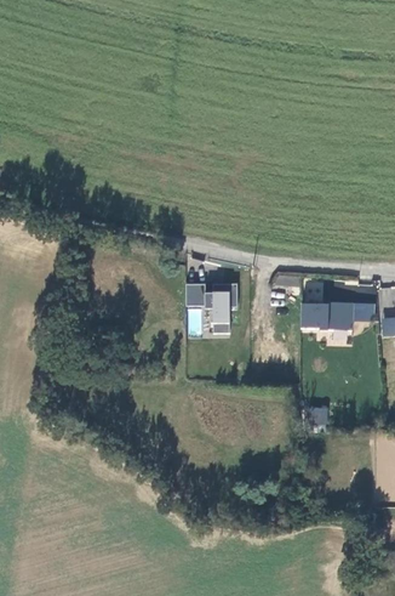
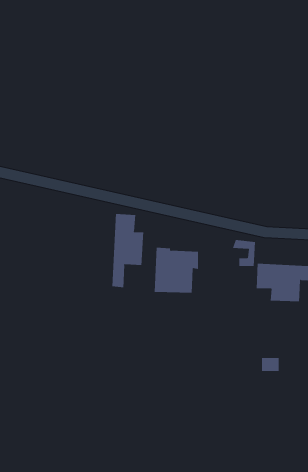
building: none -> [112,213,144,288]

